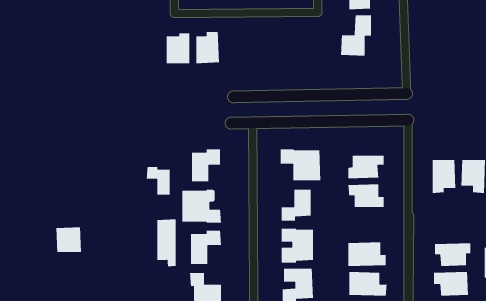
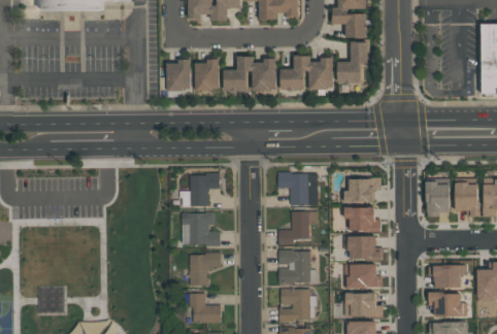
building: none -> [280,55,334,90]
building: none -> [224,56,276,91]
building: [146,166,171,195] -> none
building: none -> [344,235,383,260]
building: [157,219,177,267] -> none
building: [55,227,82,253] -> [39,287,65,312]

